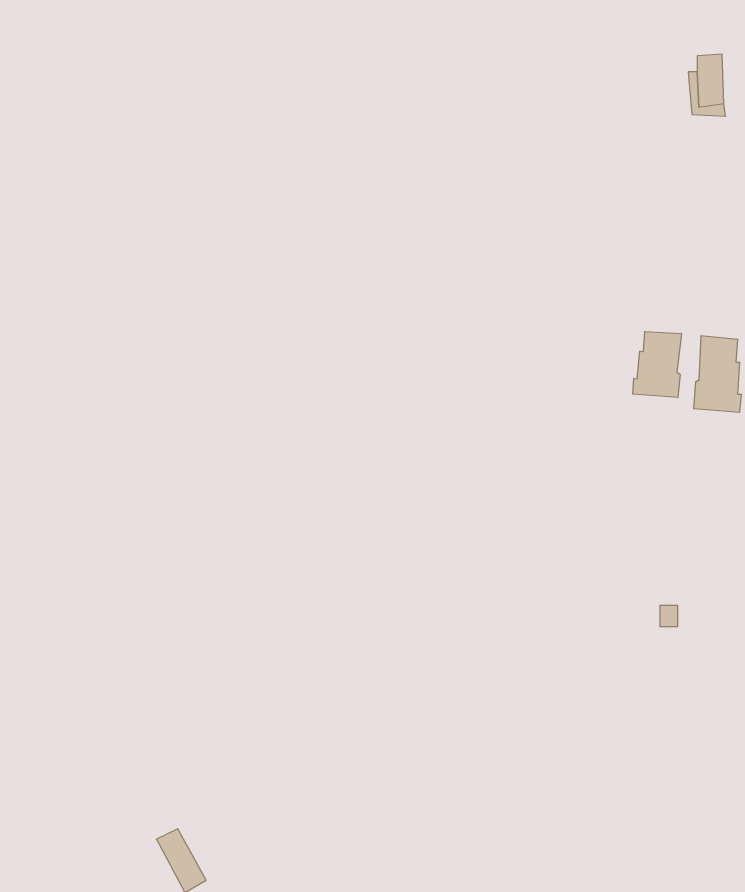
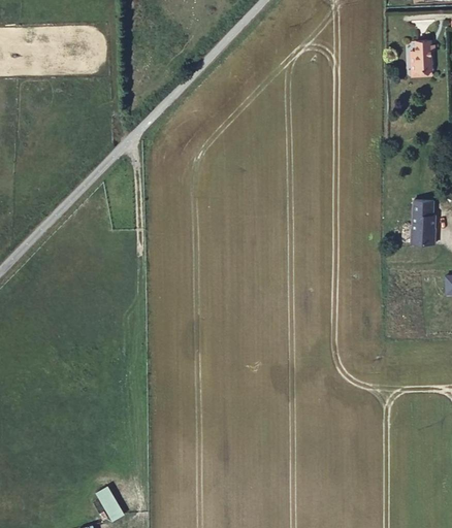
building: [633,331,681,398] -> none

